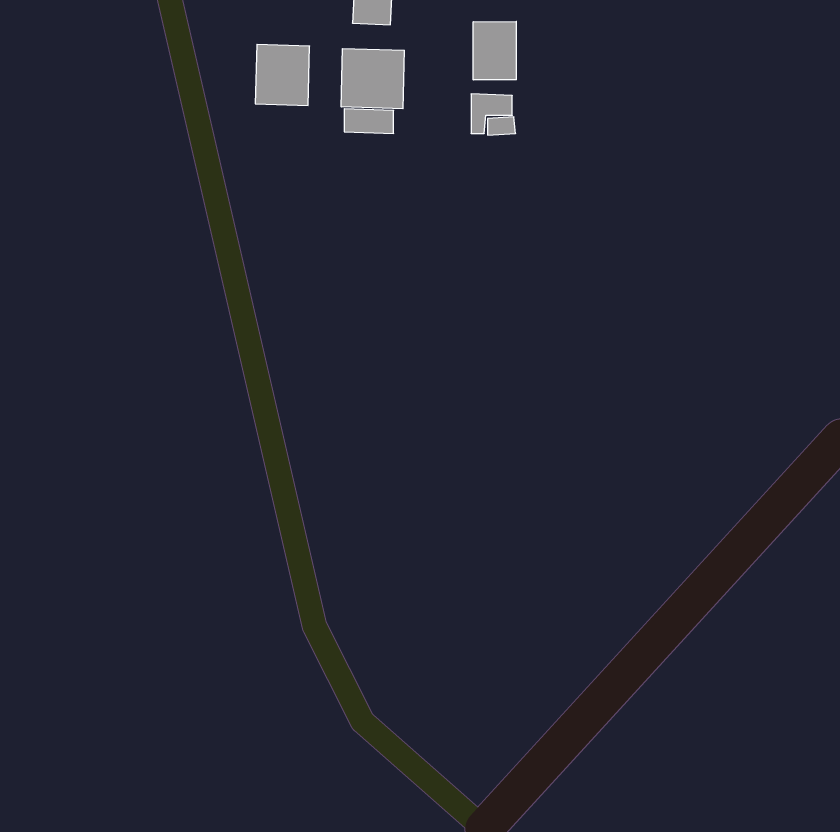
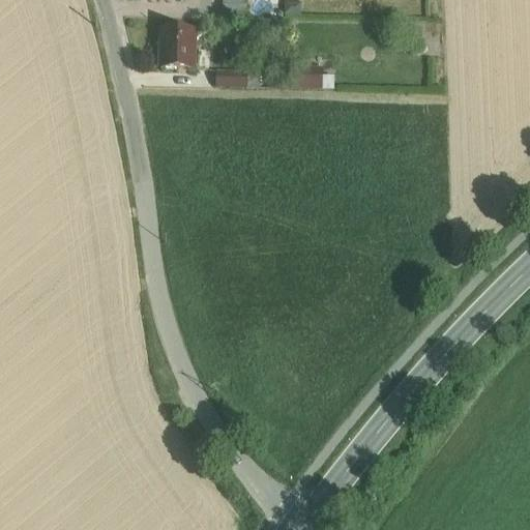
building: [473,21,516,80] -> none
building: [341,49,404,109] -> none

